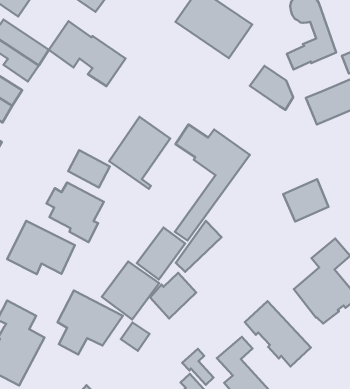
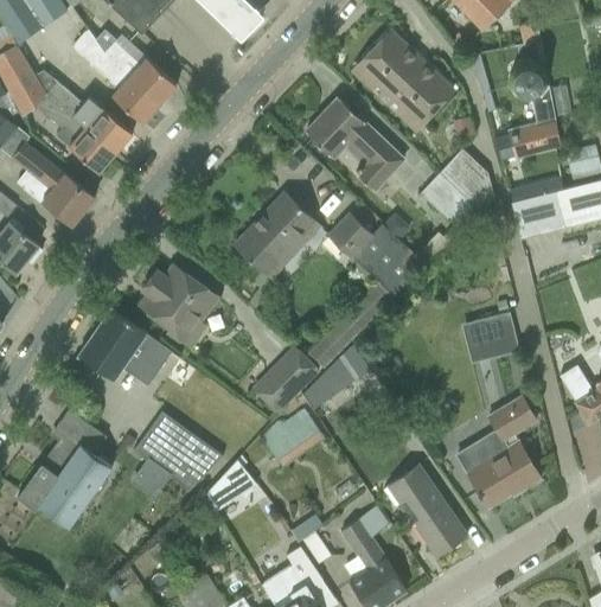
building: [49,21,125,86] -> [306,97,407,192]
building: none -> [421,173,474,226]
building: [68,150,110,188] -> none
building: [102,261,159,320] -> none

